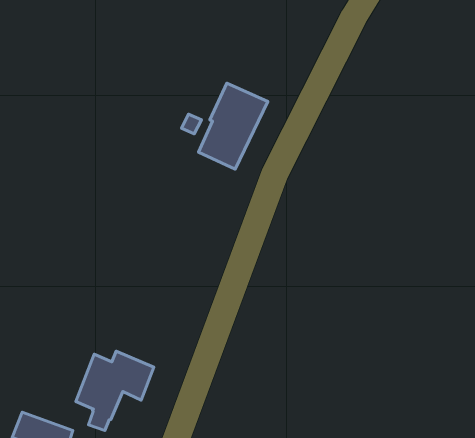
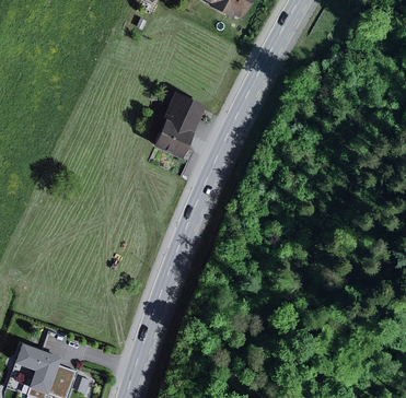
building: [76,351,154,431] -> none

